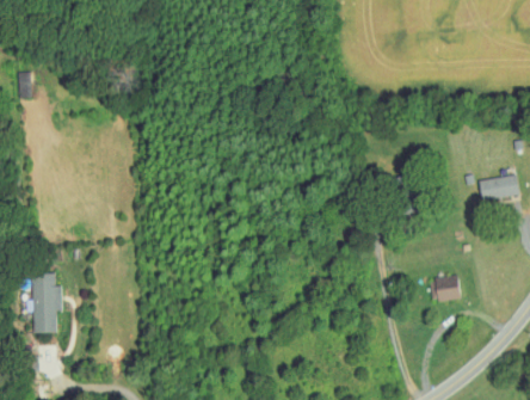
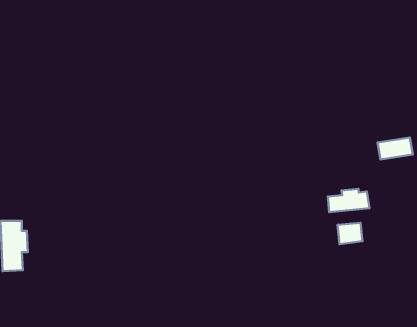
building: none -> [328,189,369,212]

